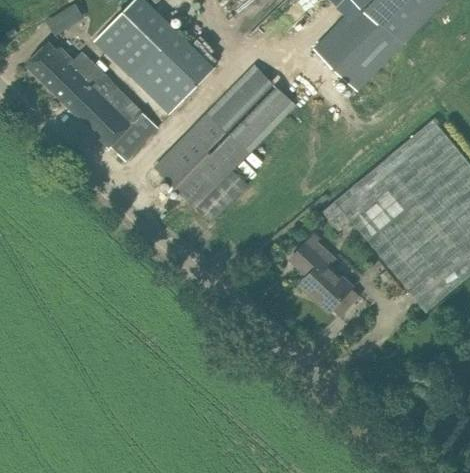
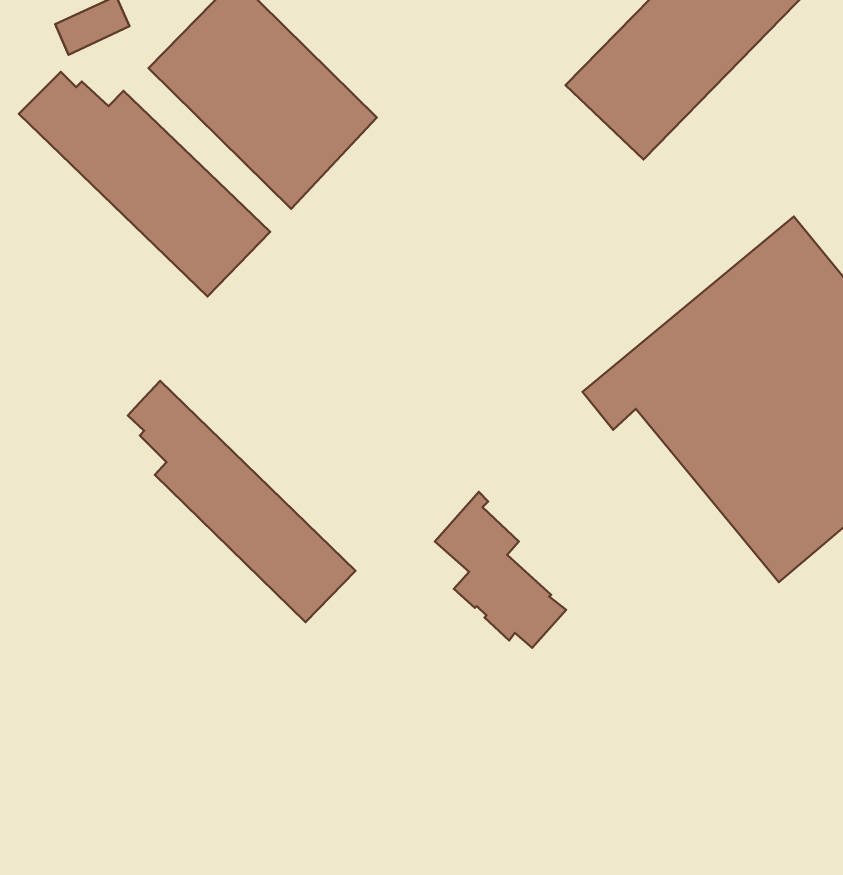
building: [155,65,296,222] -> none
building: none -> [128,381,356,622]
building: [290,234,359,316] -> [435,492,566,648]

